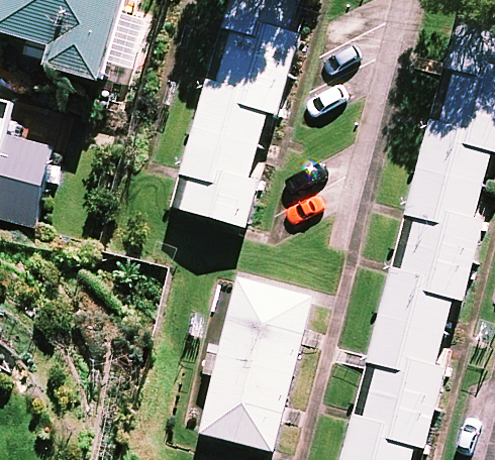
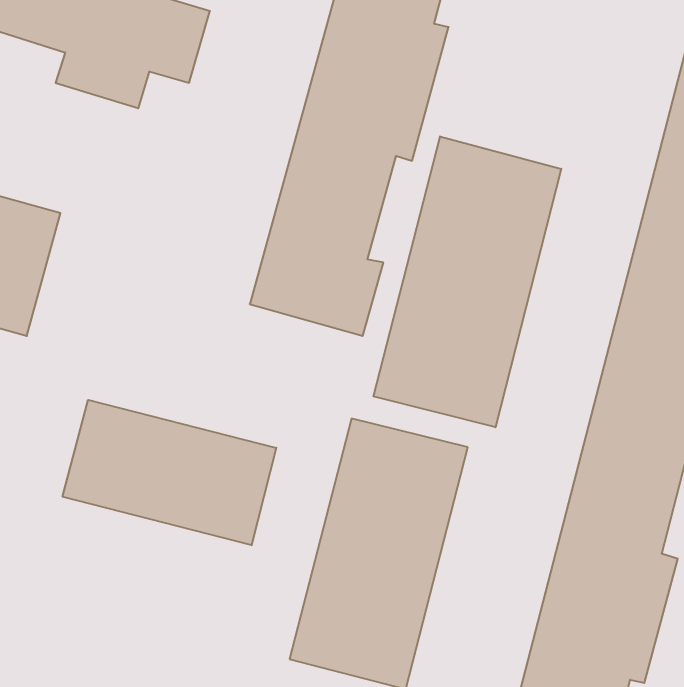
building: none -> [373,136,561,427]
building: none -> [63,400,276,545]

